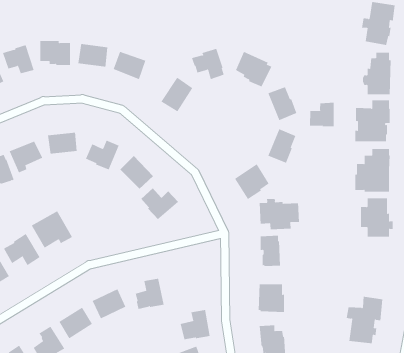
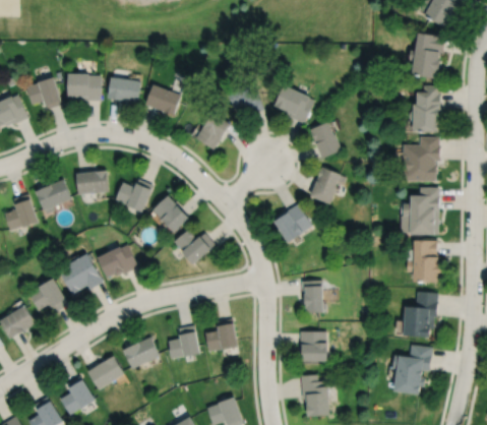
building: [310,102,334,127] -> none
building: [259,198,299,230] -> none
building: none -> [97,245,137,279]
building: none -> [402,292,438,339]
building: [180,309,211,340] -> [204,319,237,352]

